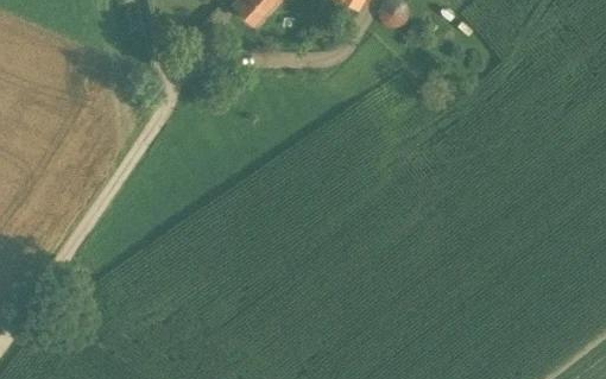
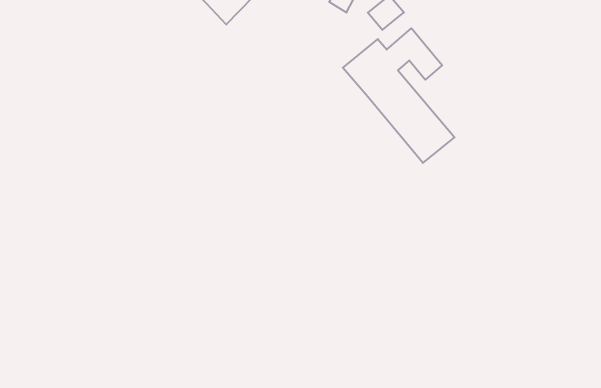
building: none -> [343,28,455,163]

